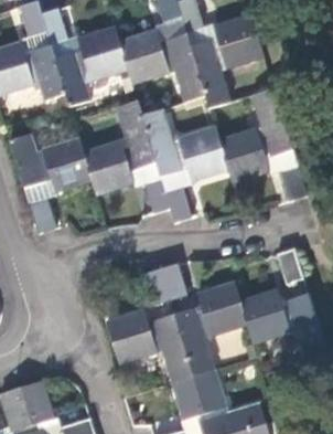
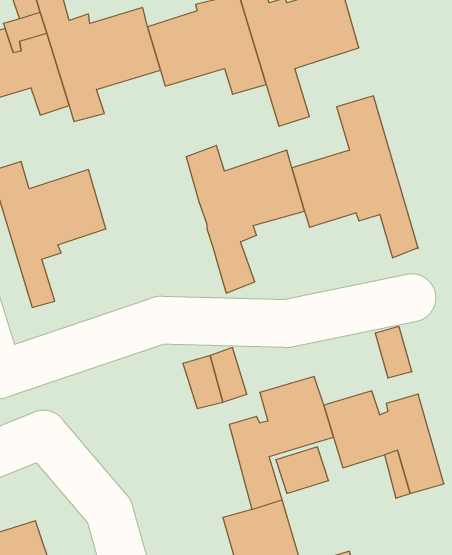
building: [82,114,169,212] -> none
building: [105,309,191,378] -> none

